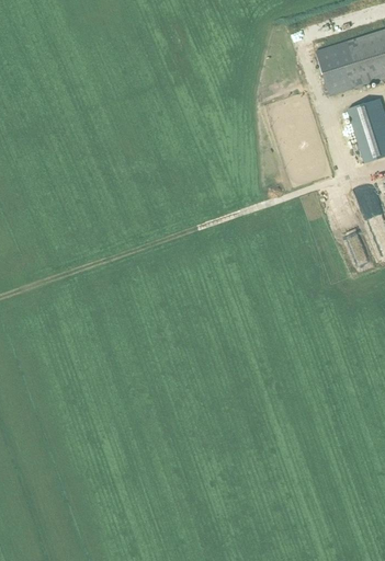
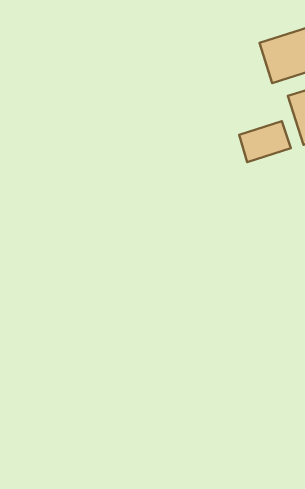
building: none -> [239,121,291,162]

